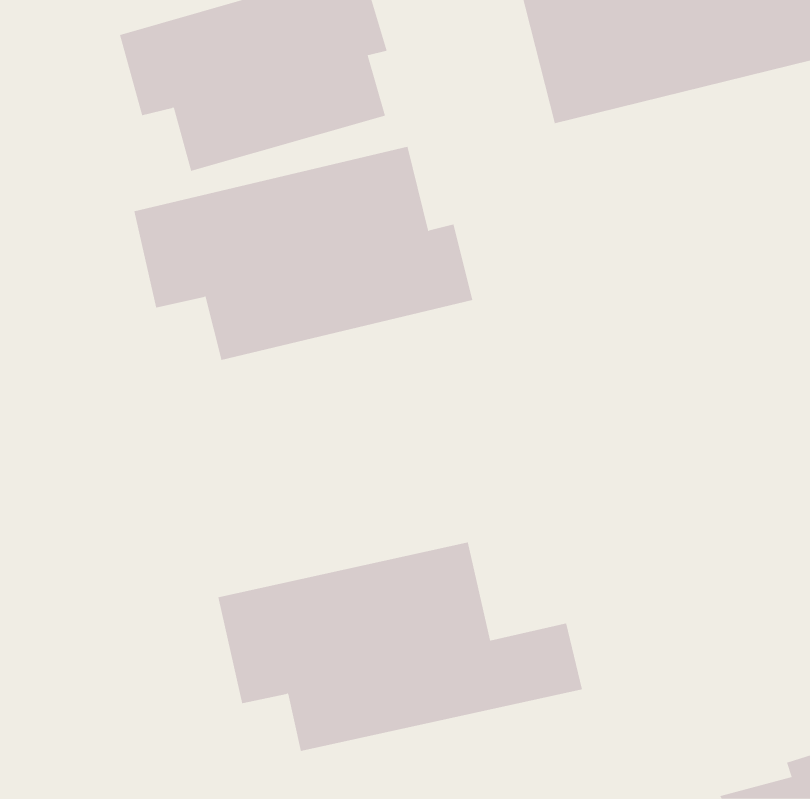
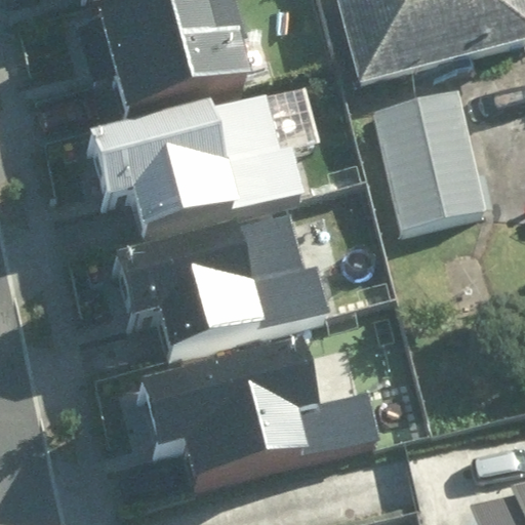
building: none -> [376,84,483,225]
building: none -> [118,219,329,354]

